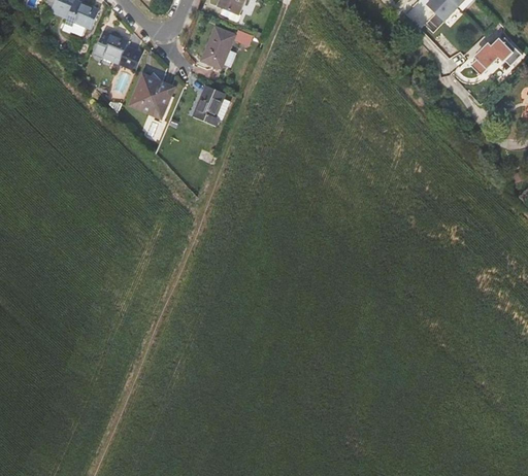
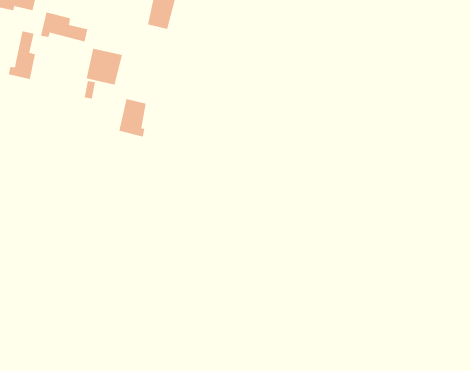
building: none -> [8,30,36,80]
building: [194,83,226,125] -> [119,98,146,137]

